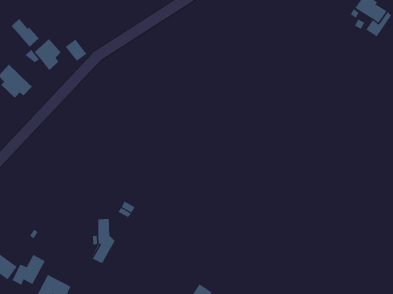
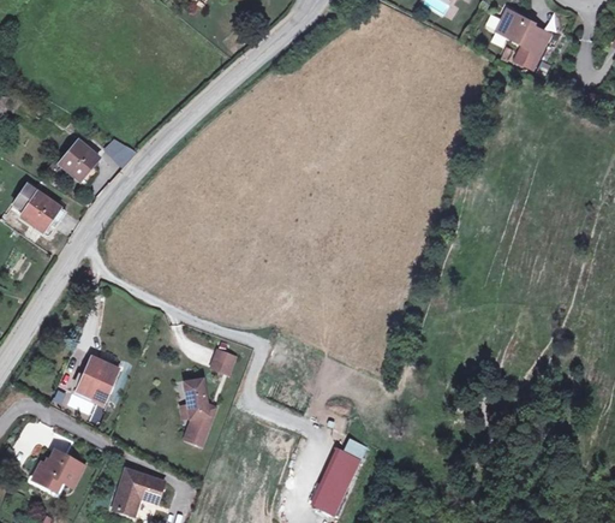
building: [11,18,40,48] -> none
building: none -> [77,357,118,402]
building: [12,254,45,285] -> none

